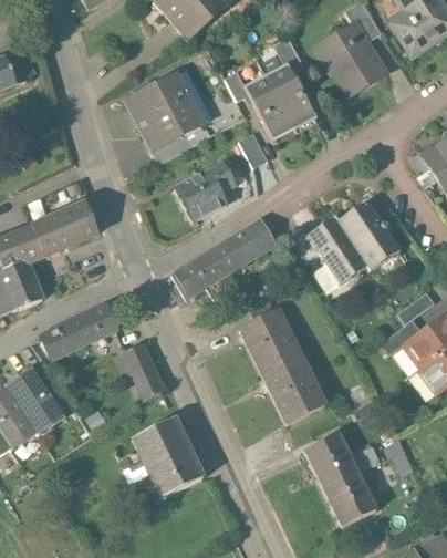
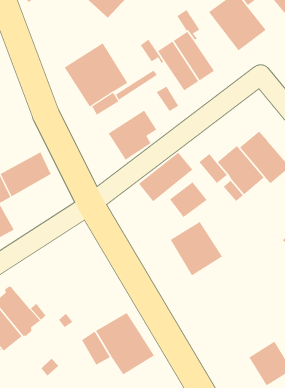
building: [173,254,221,299] -> [169,181,208,218]
building: [41,302,116,360] -> none
building: [114,342,164,395] -> none
building: [261,356,326,425] -> none
building: [303,432,358,488] -> none

